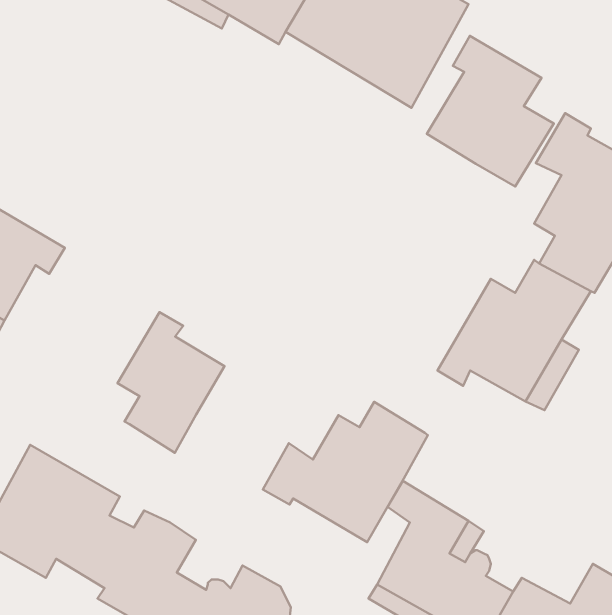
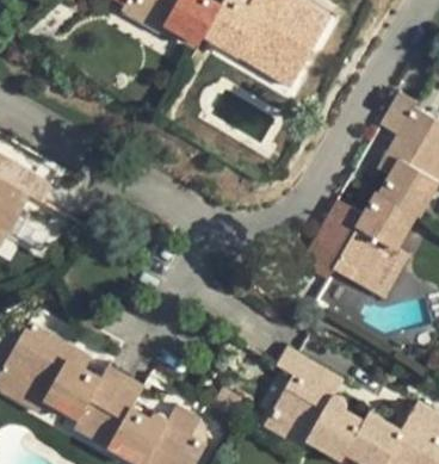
building: [427,36,554,187] -> none
building: [118,312,225,453] -> none
building: [263,402,428,542] -> none

